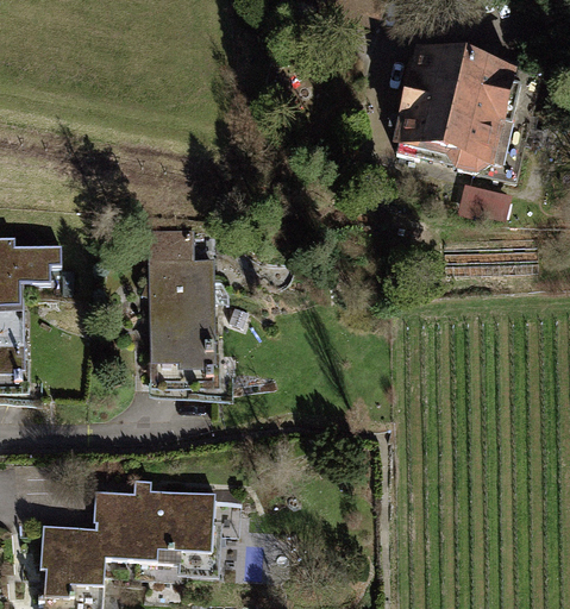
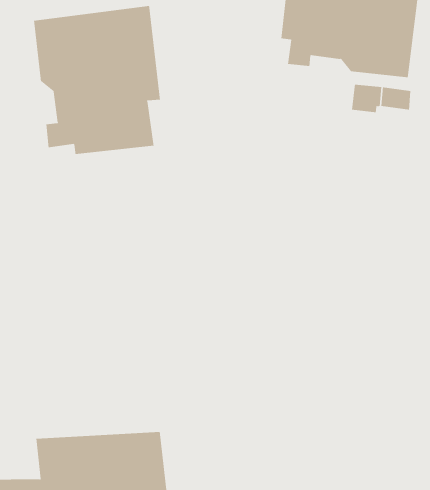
building: none -> [33,5,160,155]
building: [158,255,218,375] -> none

